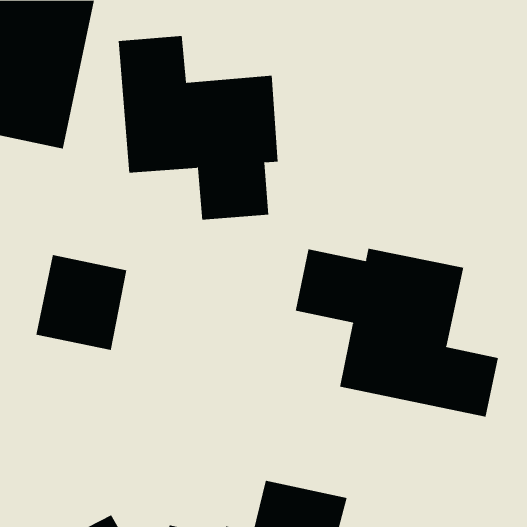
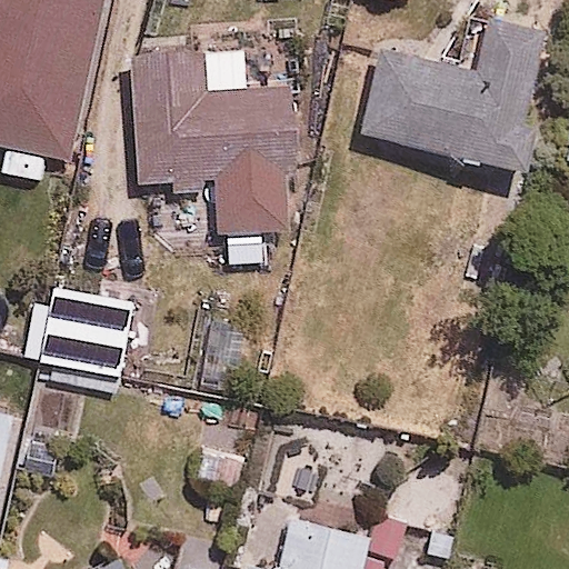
building: none -> [361,24,553,162]
building: [295,248,498,418] -> none

